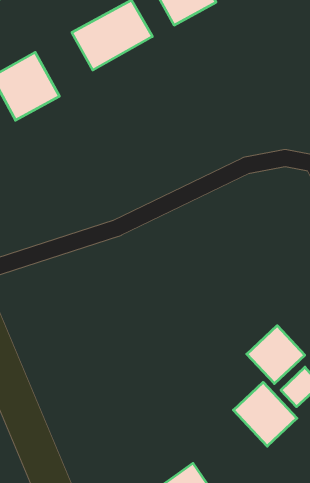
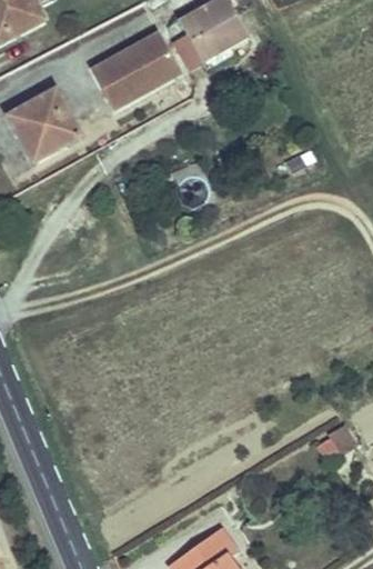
building: [247,326,305,384] -> none
building: [233,382,297,446] -> none

